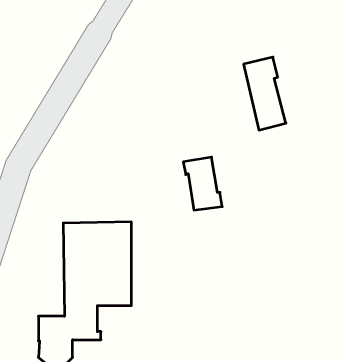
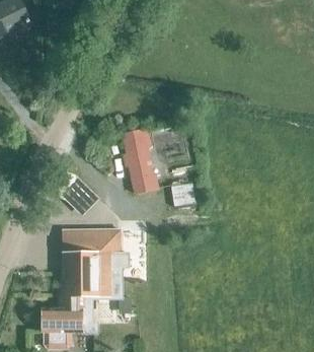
building: [244,57,286,130] -> [121,130,157,193]

